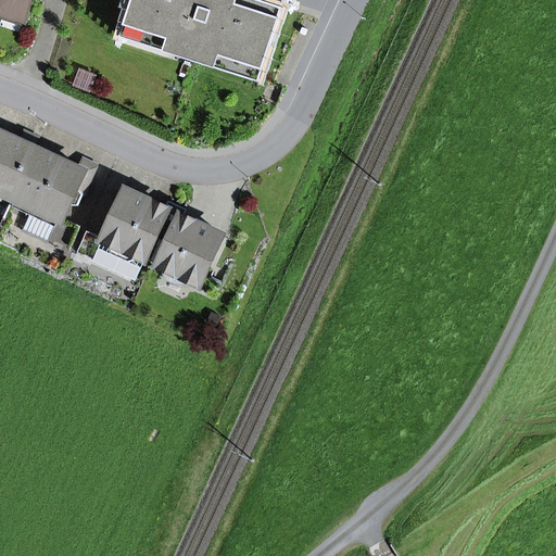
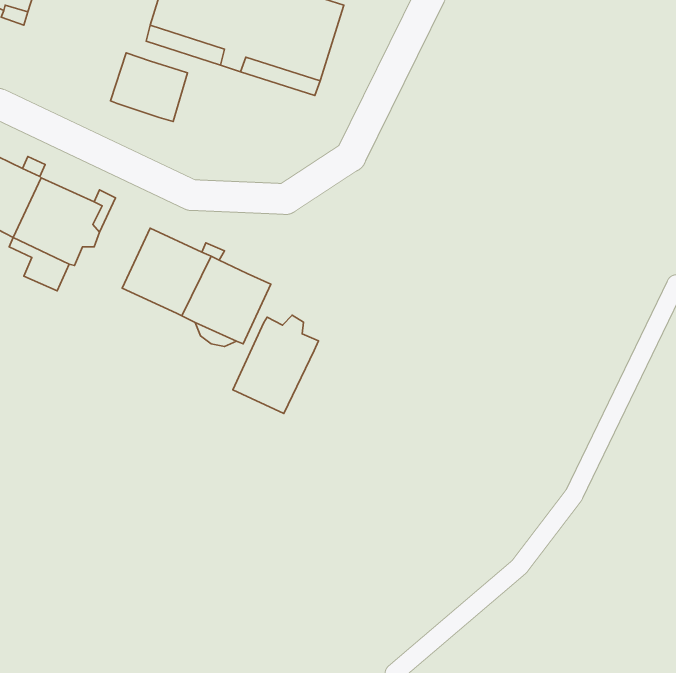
building: none -> [111,53,188,122]
building: [91,236,144,276] -> none
building: none -> [233,315,318,414]

